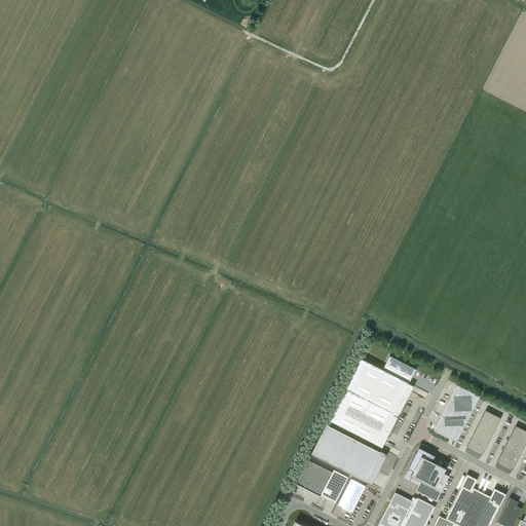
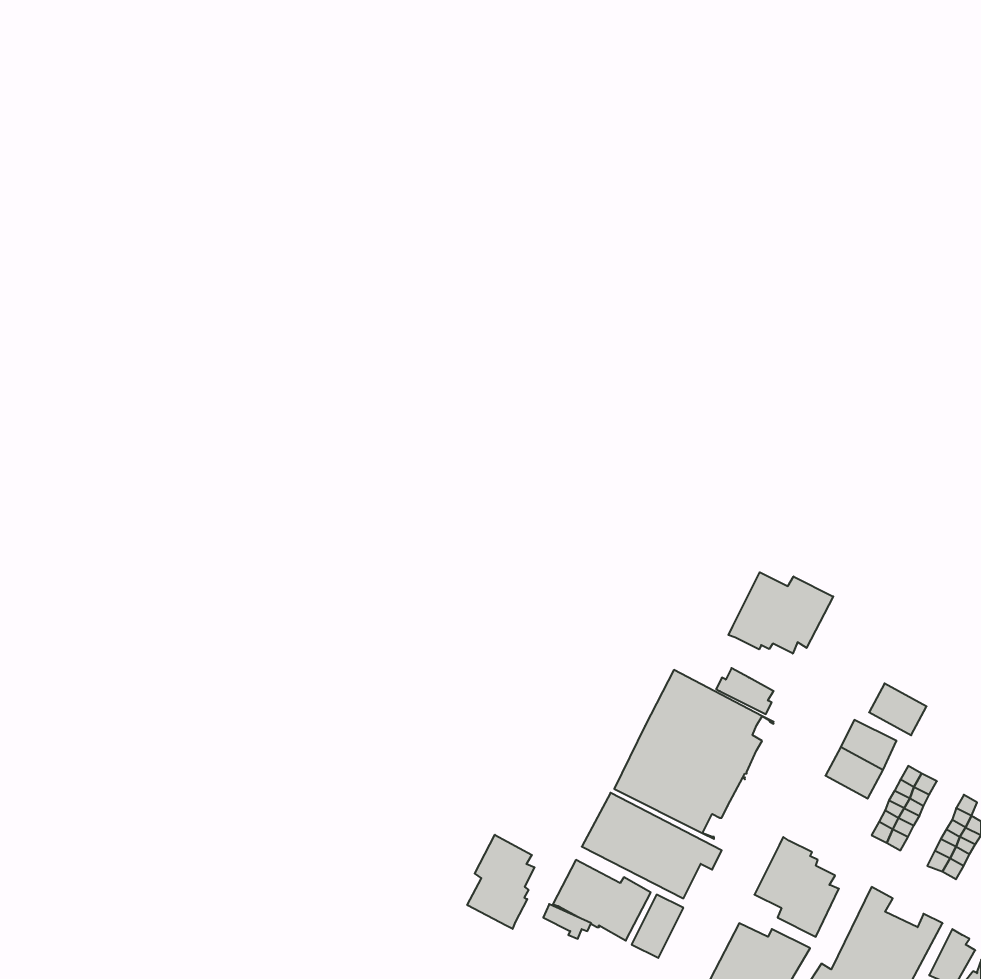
building: none -> [728,572,833,654]
building: [434,416,464,444] -> [869,683,927,735]
building: none -> [467,835,535,929]

